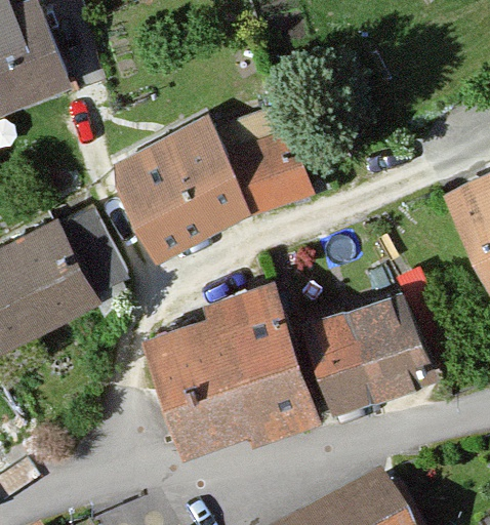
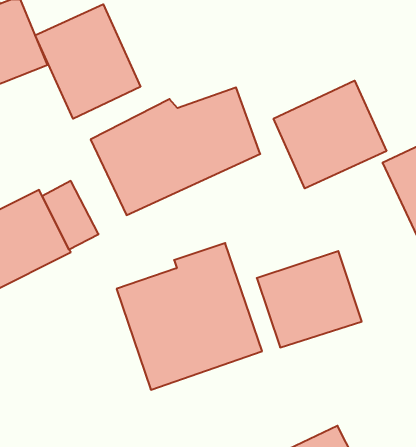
building: none -> [35,4,140,119]
building: none -> [274,81,386,188]

